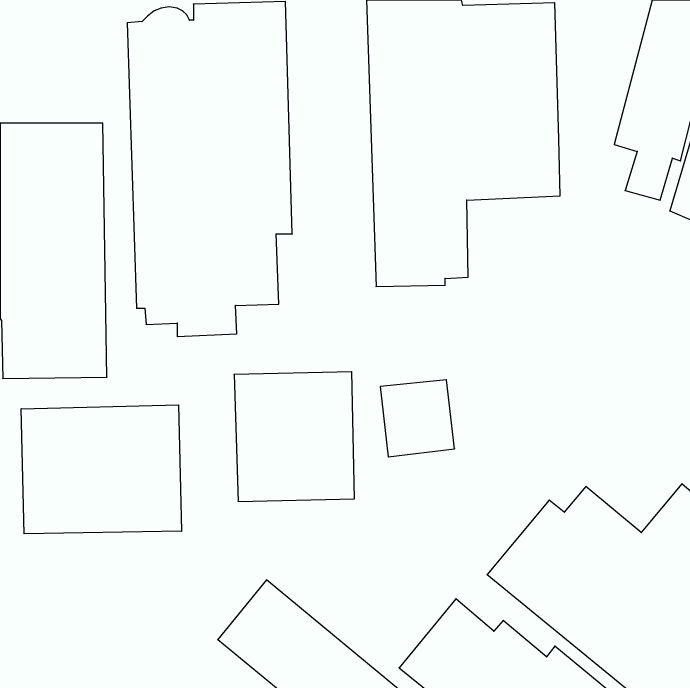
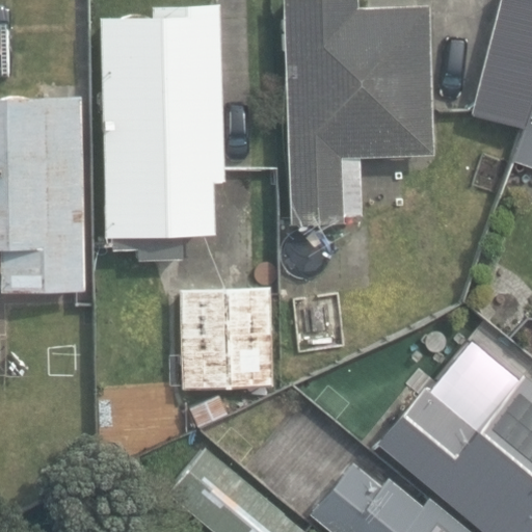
building: [21,405,182,534] -> none

